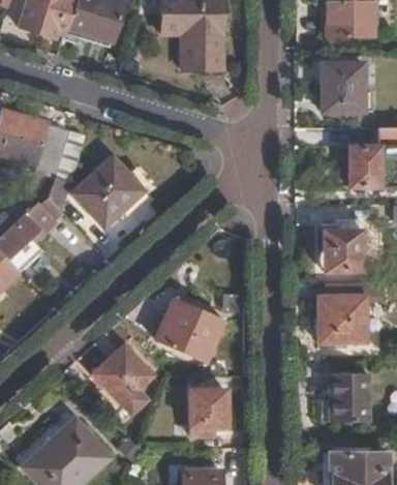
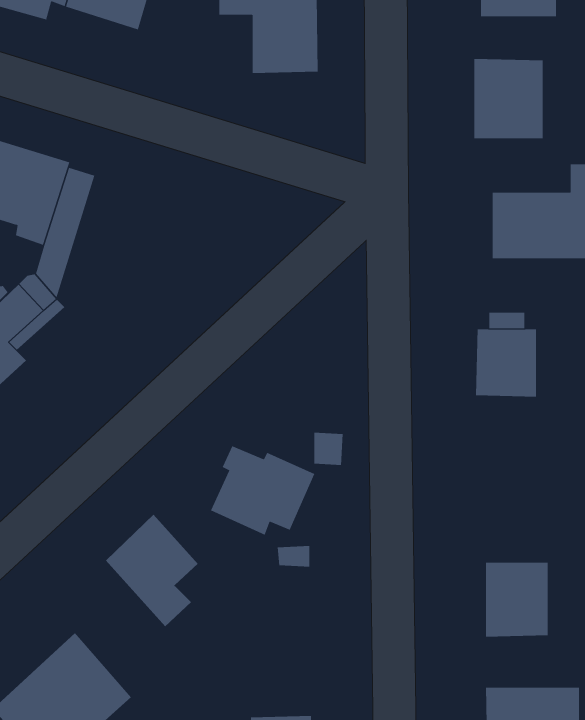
building: [73,154,144,225] -> none
building: [318,281,380,341] -> none
building: [189,390,225,428] -> none

